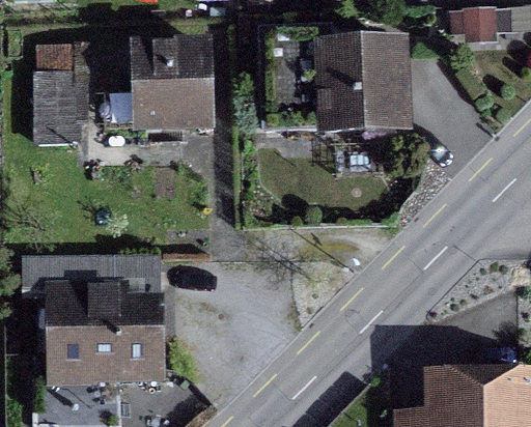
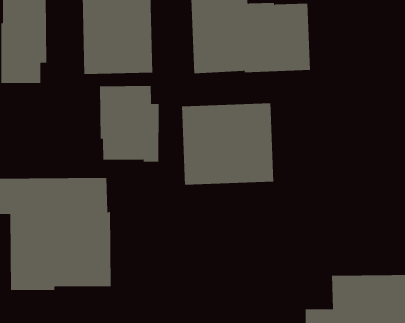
building: none -> [100,85,159,162]
building: none -> [181,103,274,185]

